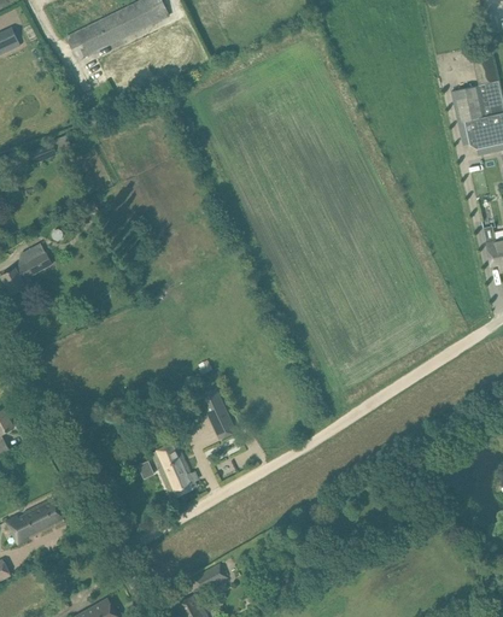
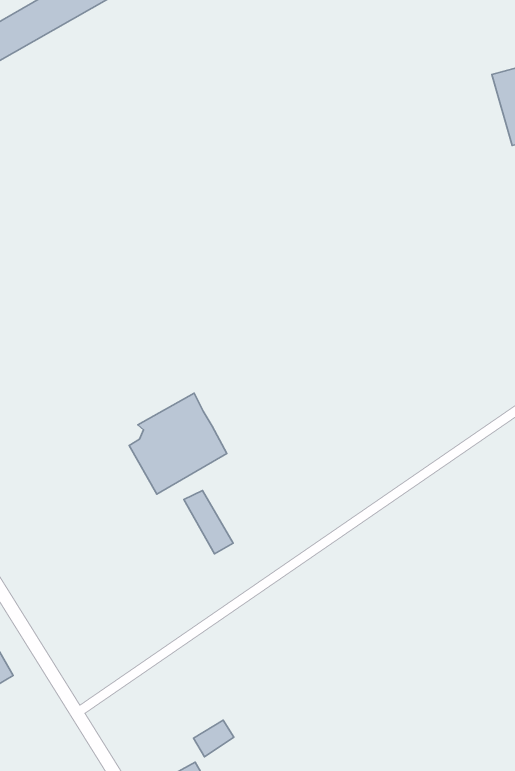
building: none -> [129,393,227,494]
building: [150,441,197,498] -> none

